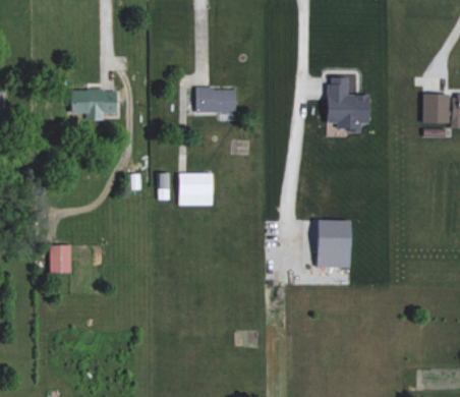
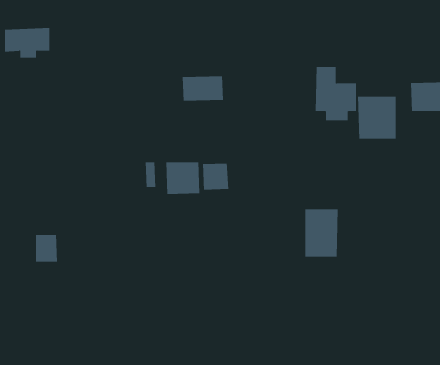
building: [71,90,117,120] -> [4,27,50,58]
building: none -> [358,96,396,140]
building: none -> [203,163,229,190]

